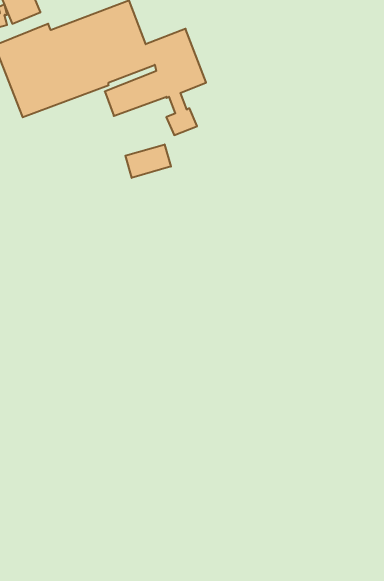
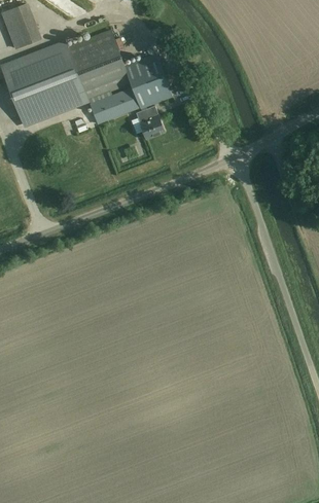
building: [125,144,171,178] -> none

